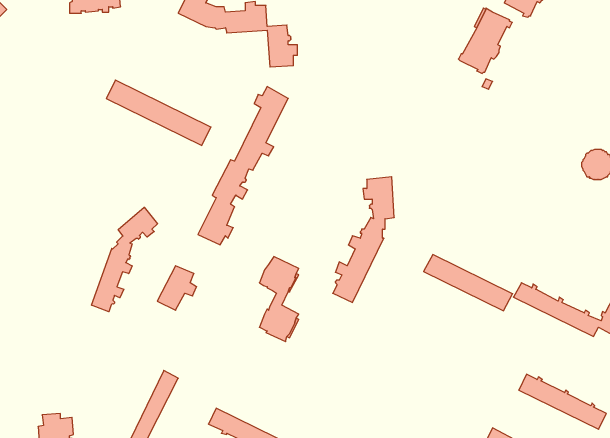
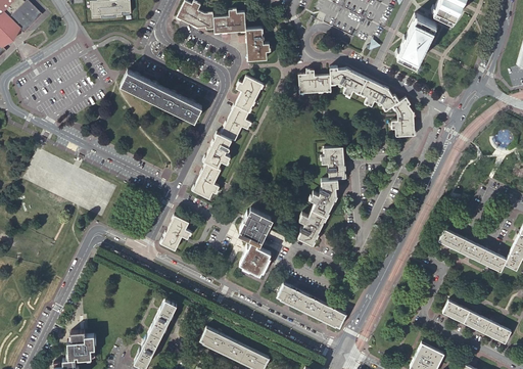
building: none -> [298,66,415,137]
building: [92,207,158,312] -> none
building: [424,255,513,311] -> [277,283,346,327]

